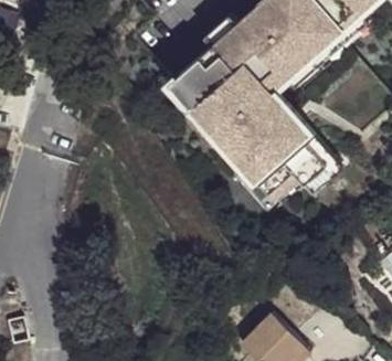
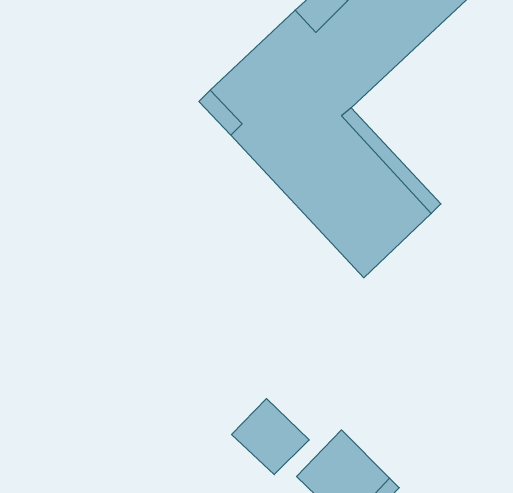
building: none -> [232,399,309,475]

